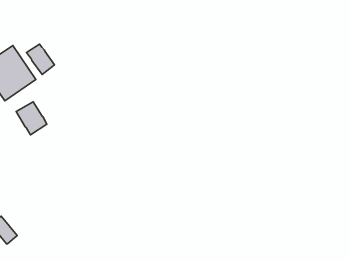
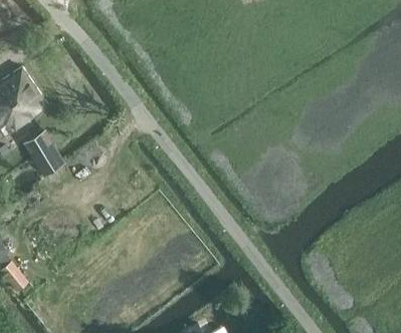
building: [27,44,54,74] -> none

